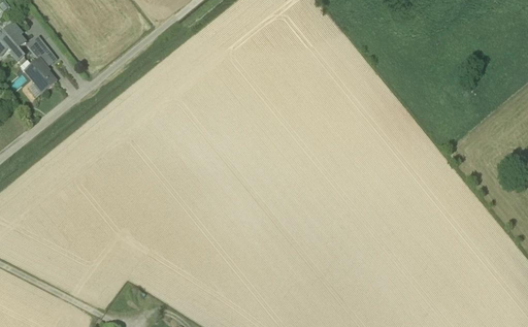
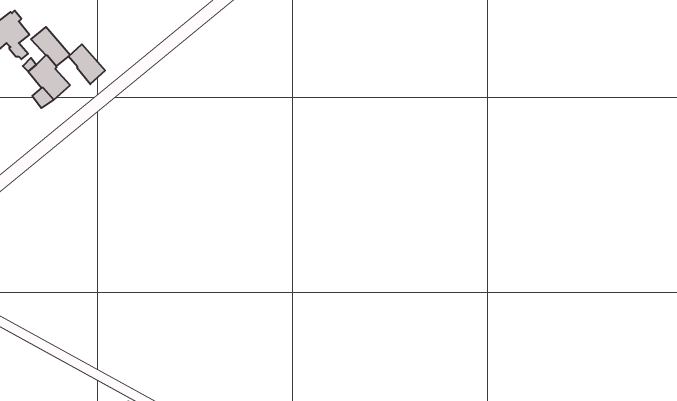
building: none -> [69,44,105,84]

